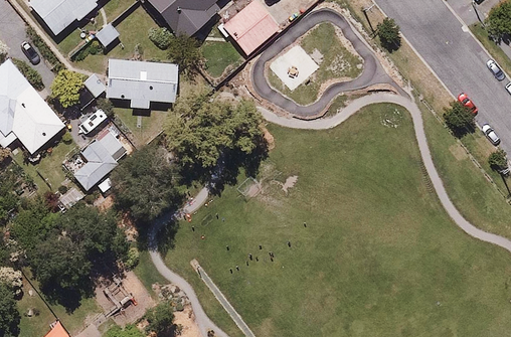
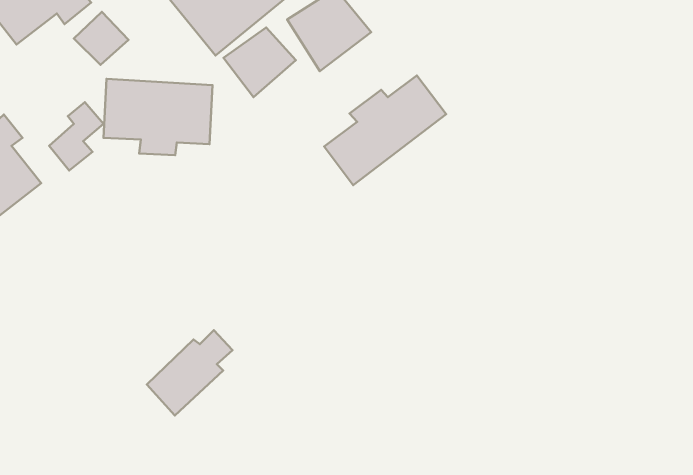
building: none -> [224,28,296,97]
building: none -> [324,76,446,185]
building: [69,133,125,188] -> [147,330,232,416]

